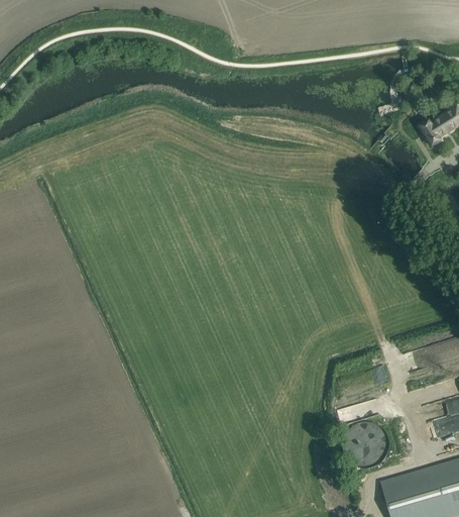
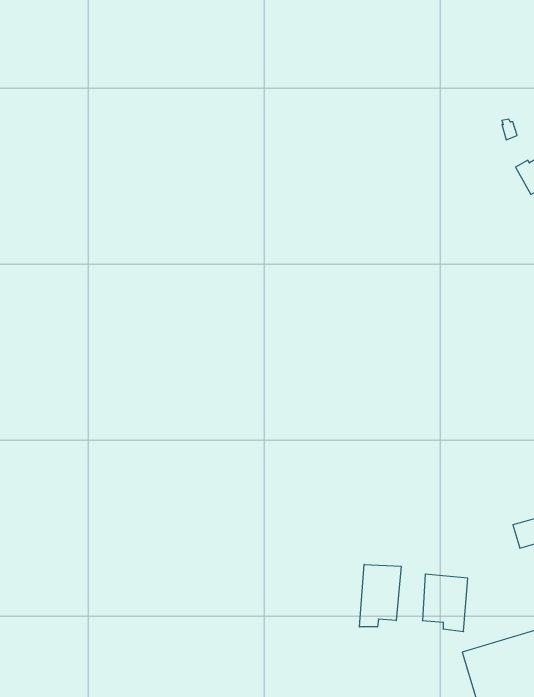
building: none -> [359,564,401,627]

